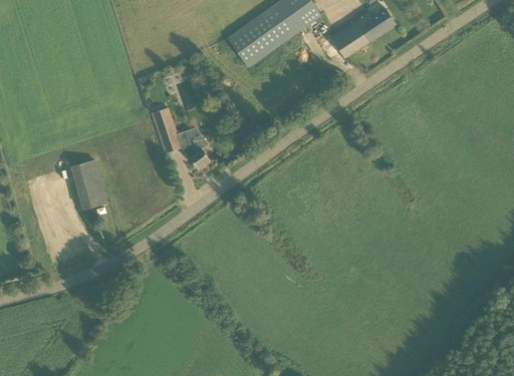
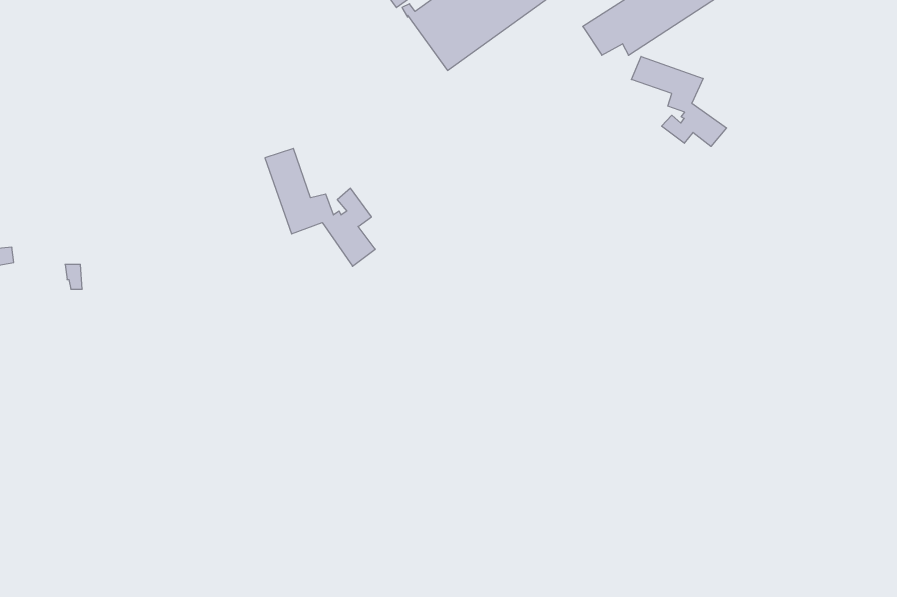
building: none -> [631,56,727,146]
building: [71,159,106,209] -> none

